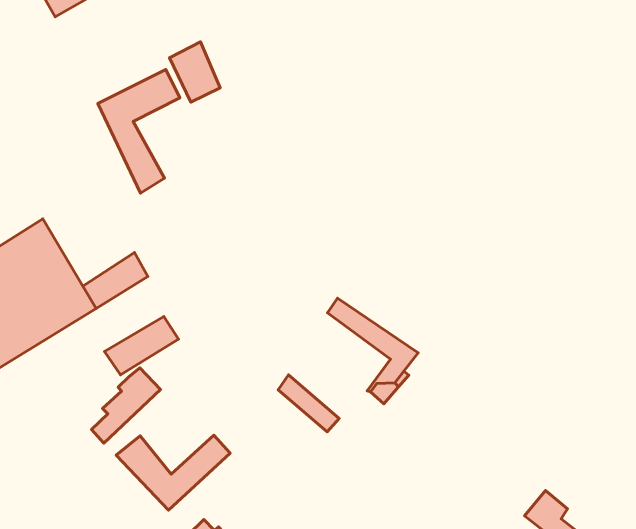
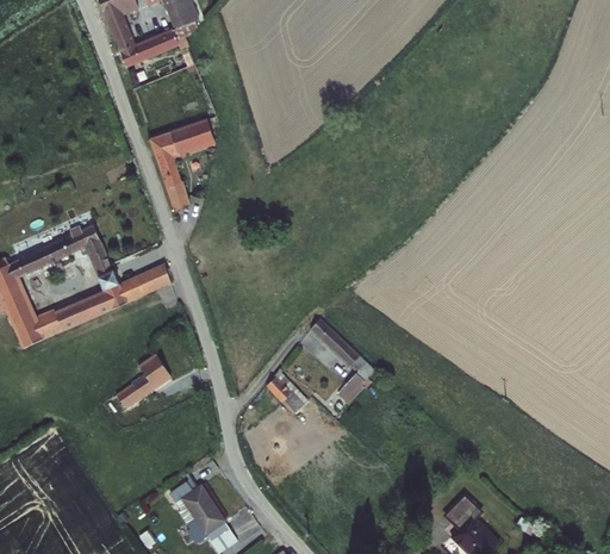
building: [169,42,220,102] -> none
building: [105,316,178,375] -> none
building: [116,435,230,510] -> none

